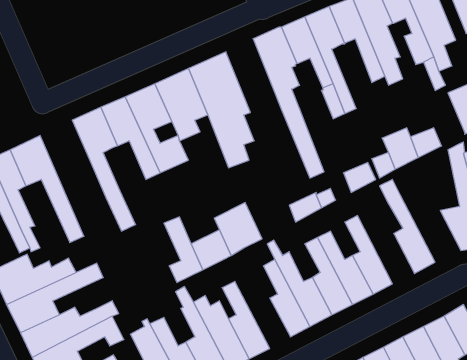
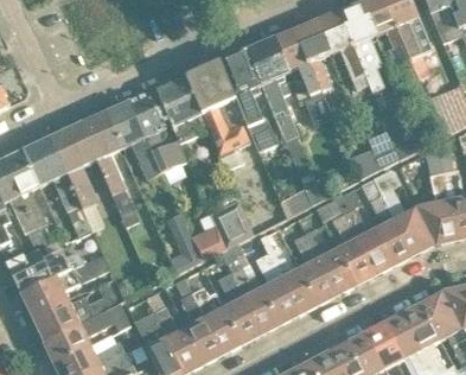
building: none -> [221,49,277,150]
building: none -> [50,123,102,230]
building: none -> [374,170,430,254]
building: none -> [334,188,394,274]
building: none -> [218,241,280,333]

